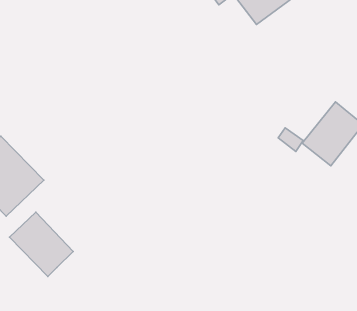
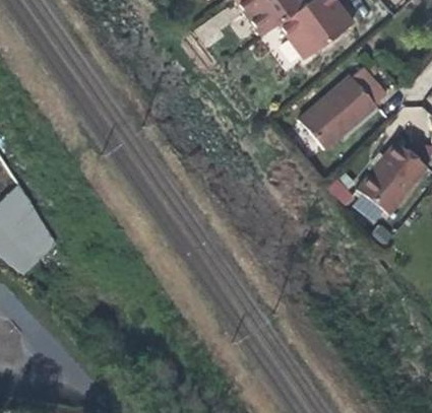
building: none -> [300,66,387,149]
building: [10,212,73,276] -> none

